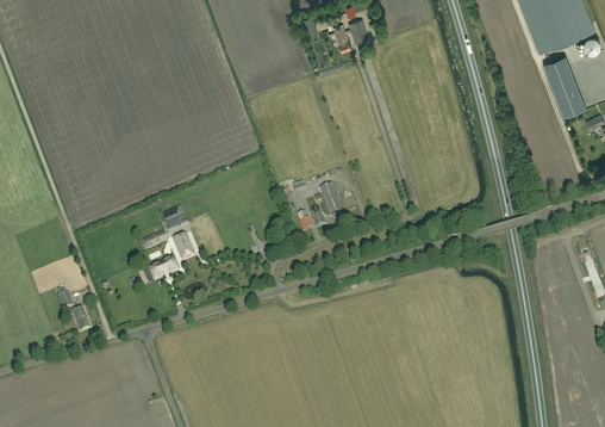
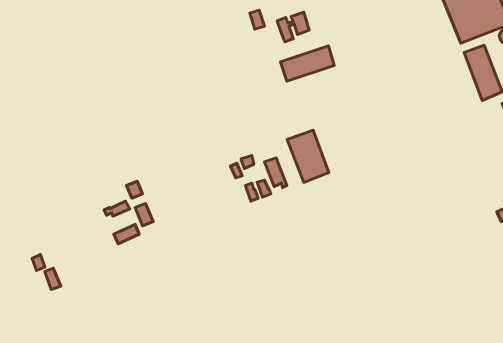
building: none -> [280,46,334,81]
building: none -> [287,130,329,182]

